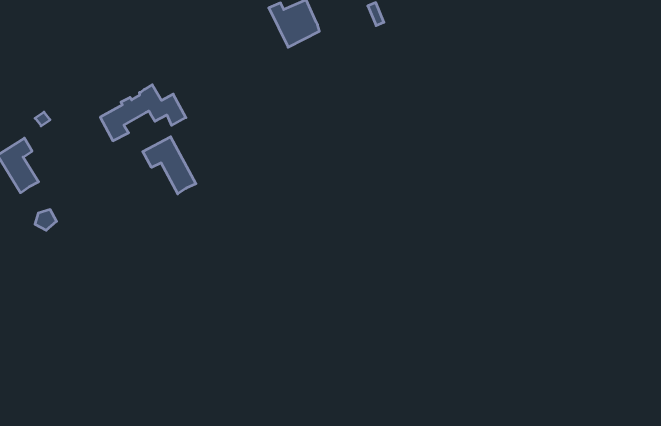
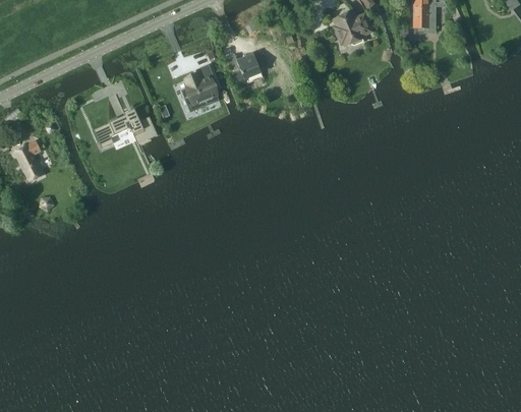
building: none -> [181,64,218,111]
building: [143,137,196,194] -> none

